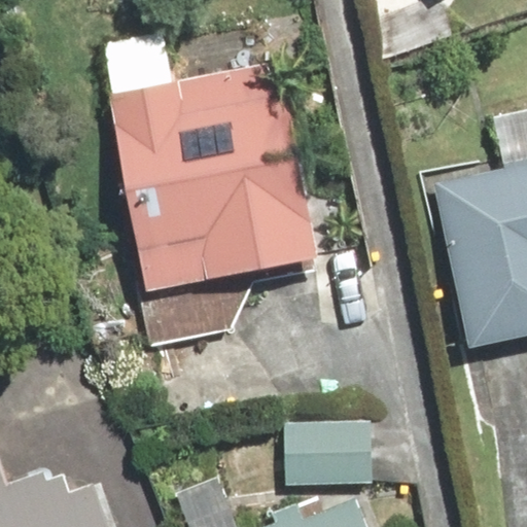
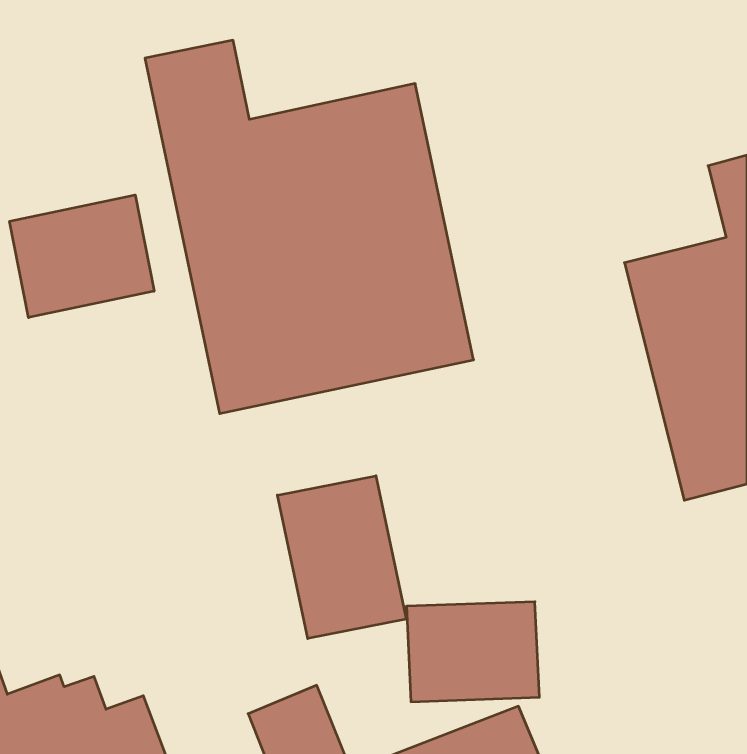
building: none -> [10,195,154,318]
building: none -> [277,476,406,639]

